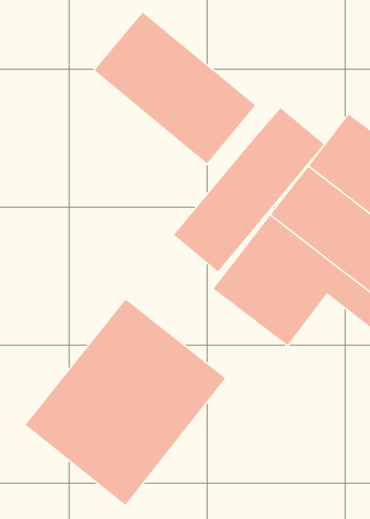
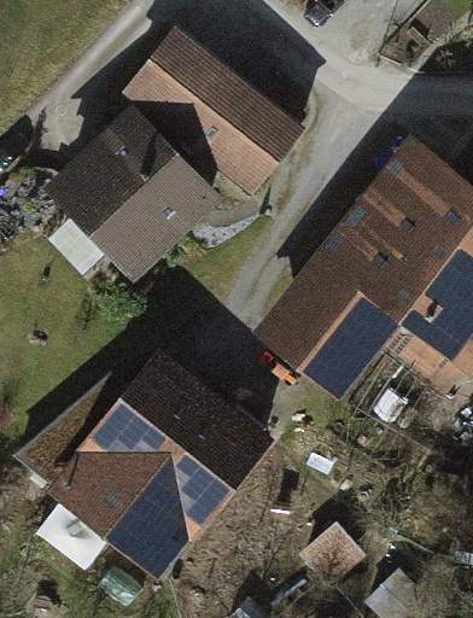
building: none -> [48,101,227,279]
building: [173,107,325,272] -> none

